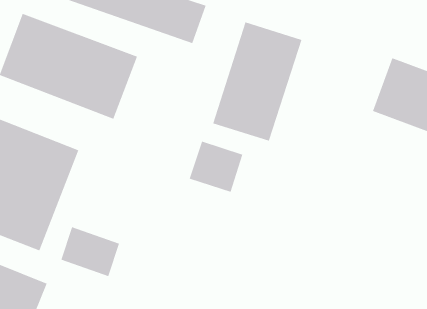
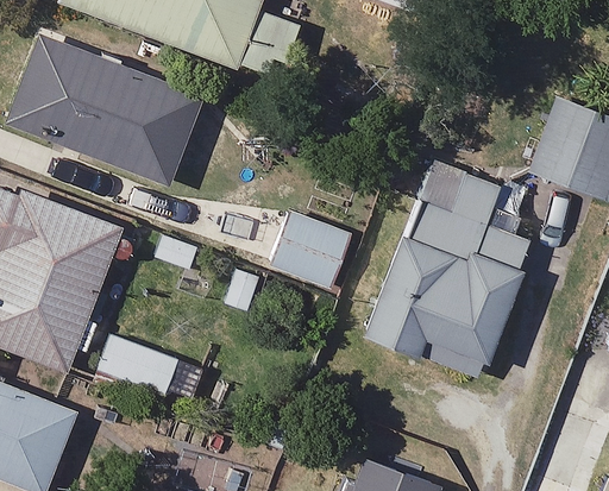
building: [213,21,302,142] -> none
building: none -> [363,171,532,378]

